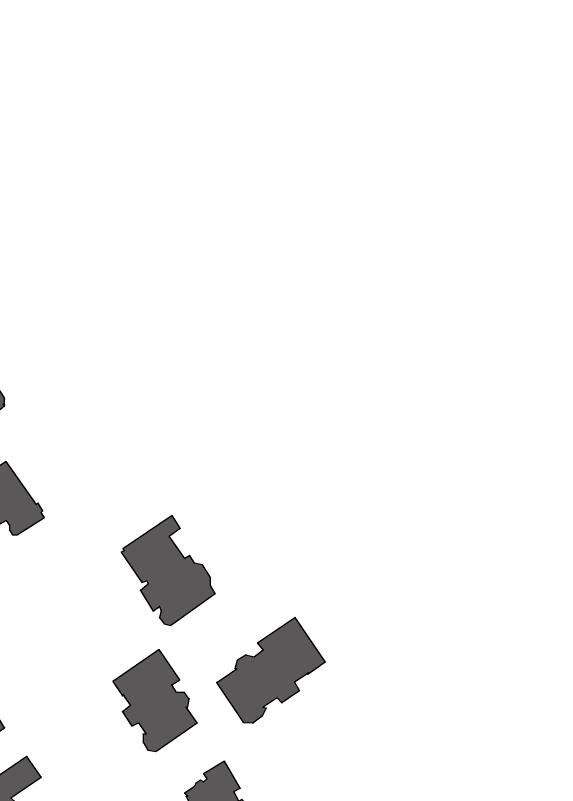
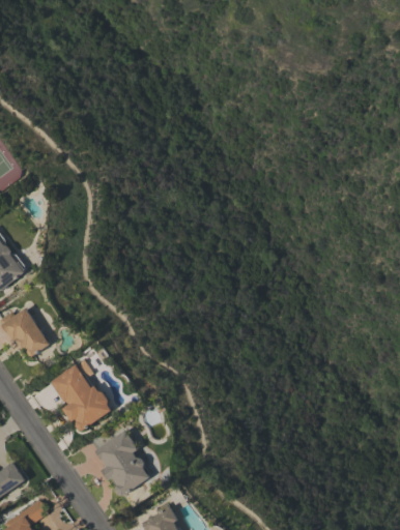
building: [121,516,215,625] -> [50,359,111,431]
building: [217,617,325,723] -> none

